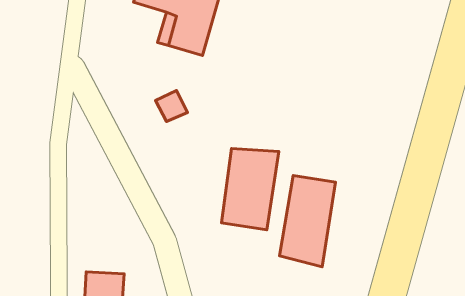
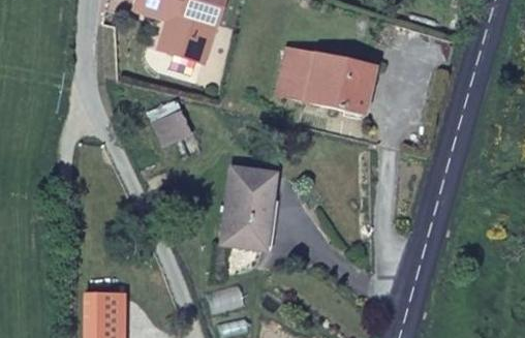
building: none -> [280,43,368,106]
building: [279,176,335,267] -> none

